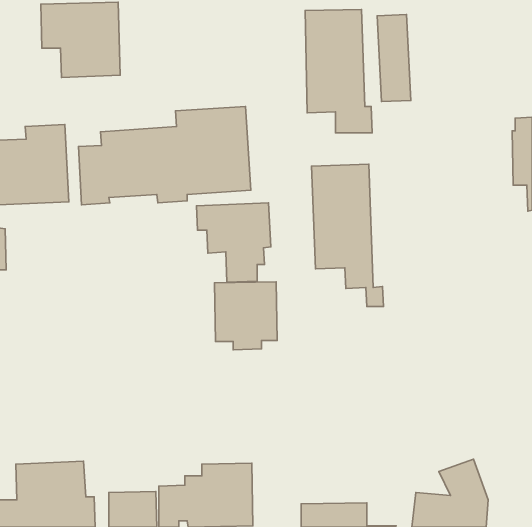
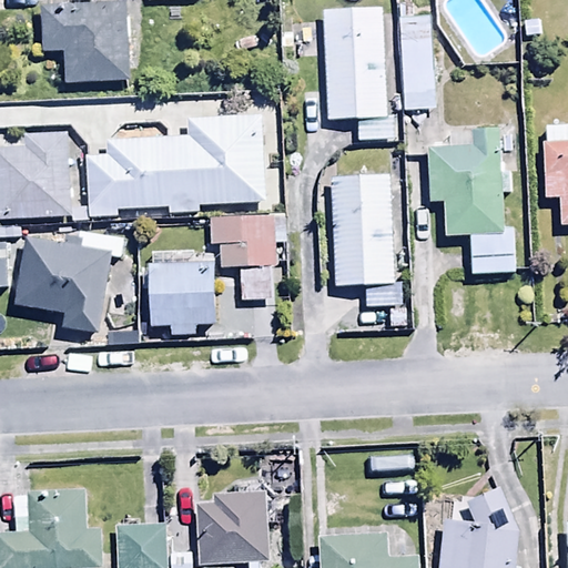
building: none -> [428,130,514,273]
building: none -> [17,229,126,334]
building: [214,282,277,350] -> [151,262,217,334]

